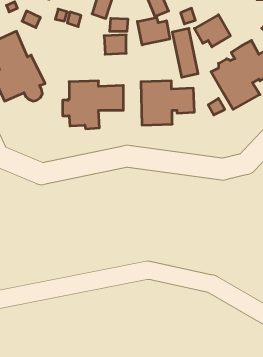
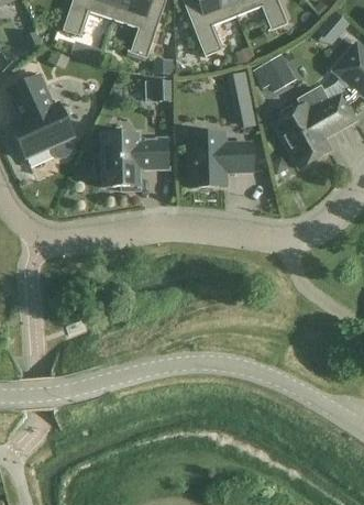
building: [137,17,170,45] -> none

